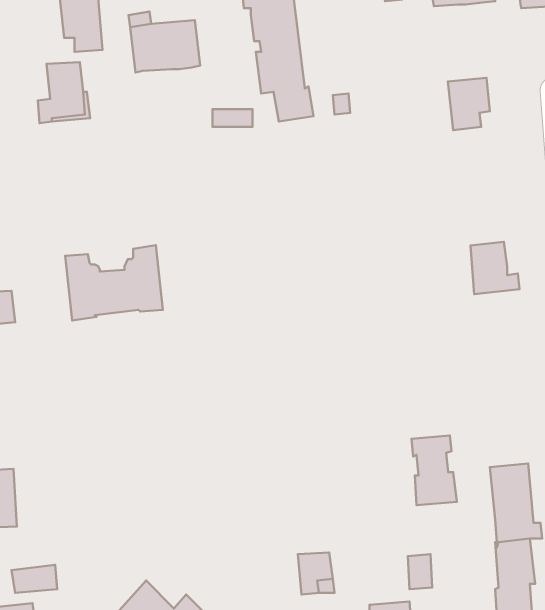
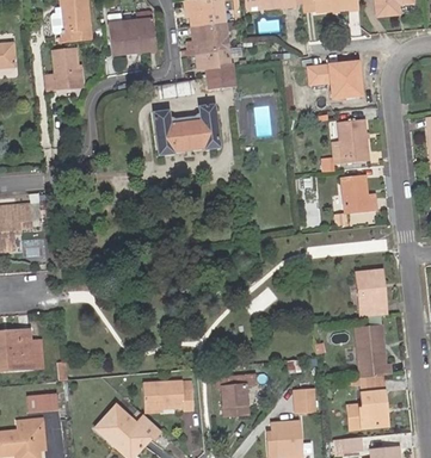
building: none -> [338,114,368,160]
building: [65,245,163,320] -> [153,106,220,157]
building: [411,435,457,505] -> [356,270,387,317]
building: none -> [144,382,195,410]

